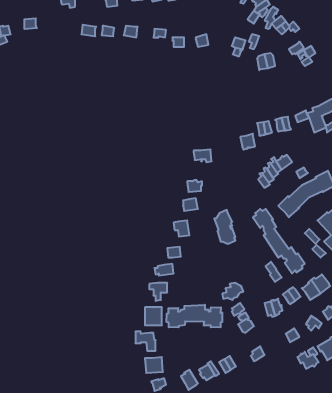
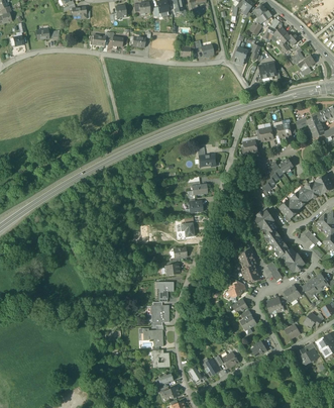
building: [214,210,235,244] -> [239,248,259,281]
building: [166,305,222,327] -> none

